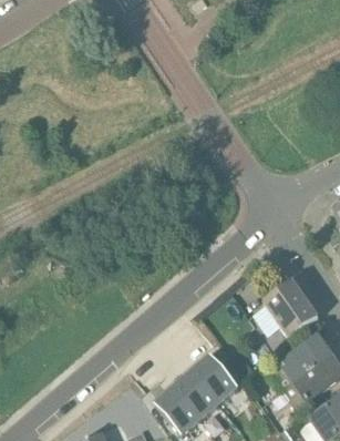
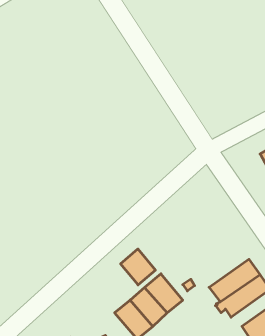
building: [264,280,318,338] -> none
building: none -> [121,249,155,285]

